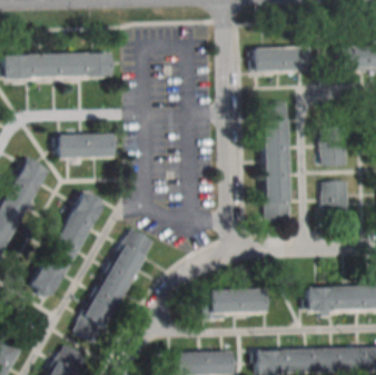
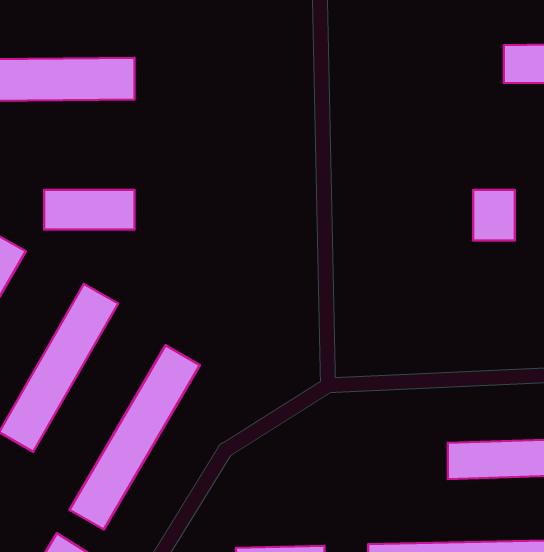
building: [254,47,305,72] -> none
building: [265,101,290,221] -> none
building: [323,180,349,213] -> none
building: [209,290,264,315] -> none

